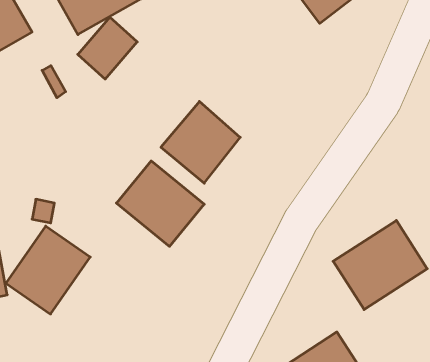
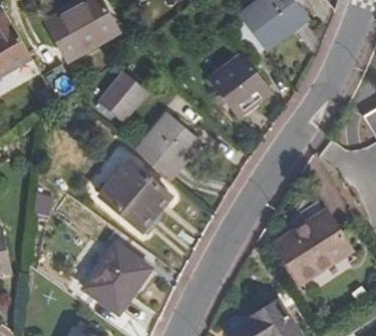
building: [78,17,137,79] -> [97,72,145,122]
building: none -> [207,53,271,118]
building: [6,226,90,314] -> [82,243,150,314]

